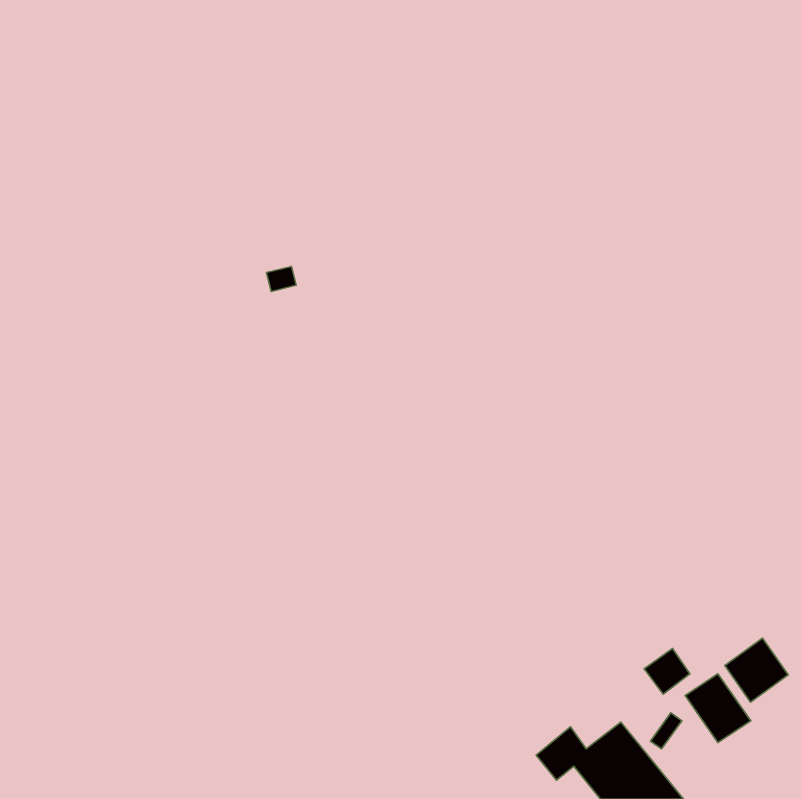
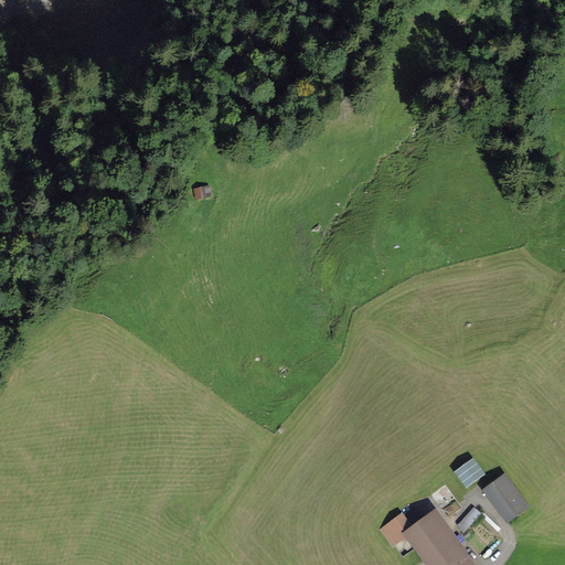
building: [725,638,788,702] -> none

